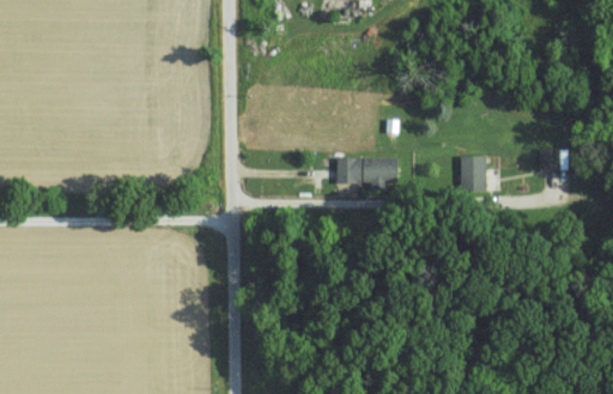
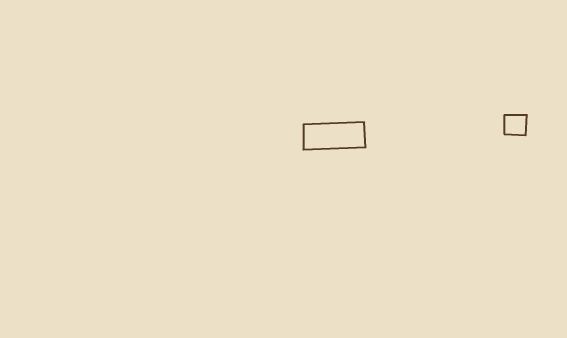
building: [460,157,487,193] -> none

